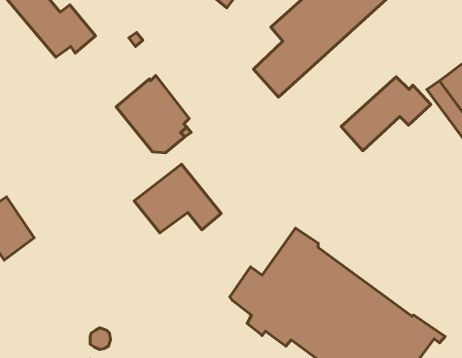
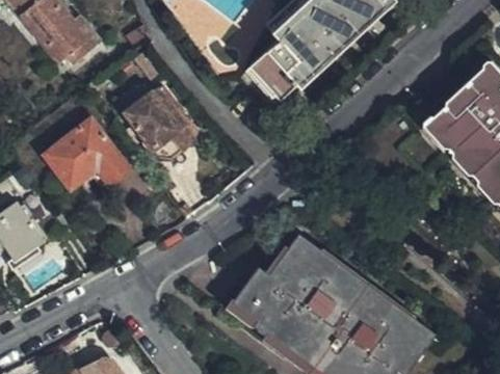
building: [341,77,431,151] -> none
building: [134,164,221,233] -> [43,121,127,187]

